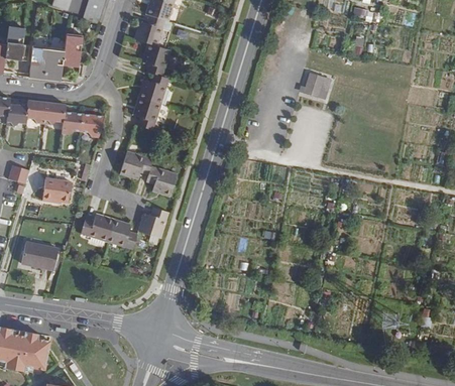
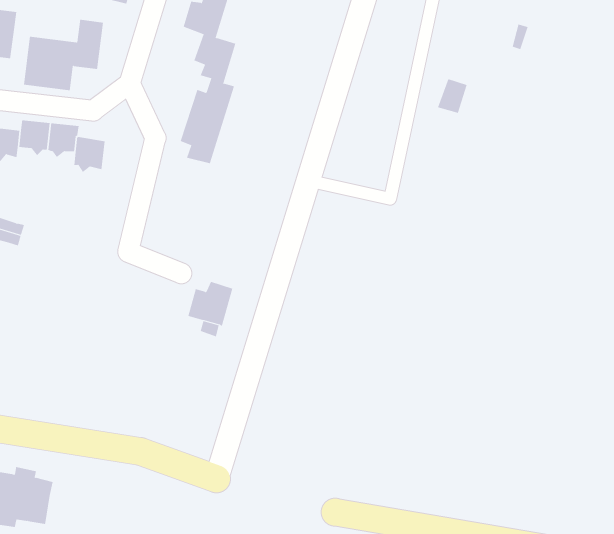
building: [82,114,105,138] -> none
building: [120,150,178,196] -> none
building: [43,178,72,203] -> none
building: [81,213,137,248] -> none
building: [21,241,59,269] -> none

